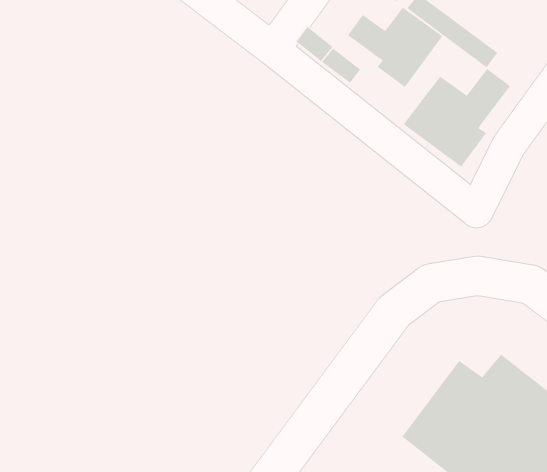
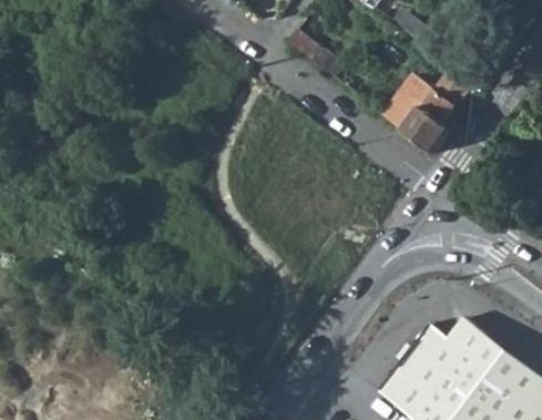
building: [347,7,443,88] -> none

